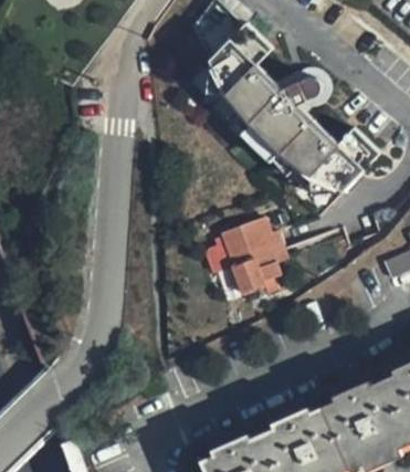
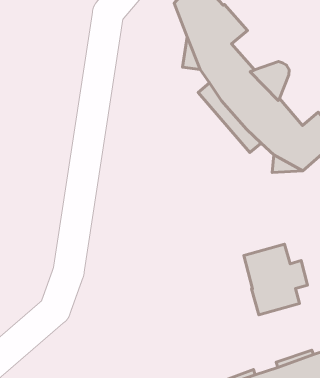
building: [221,218,291,294] -> [244,244,307,315]

